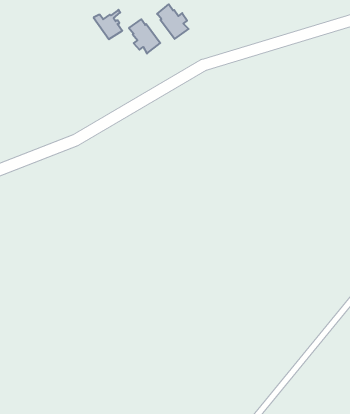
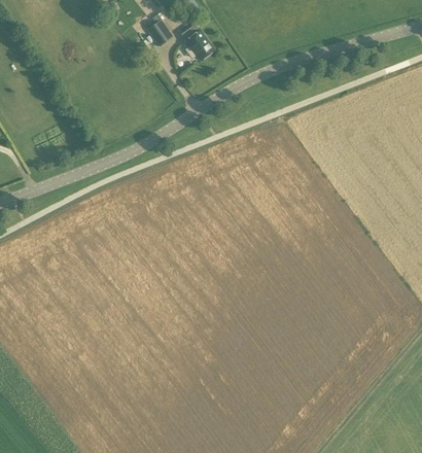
building: [157,4,189,39] -> none

